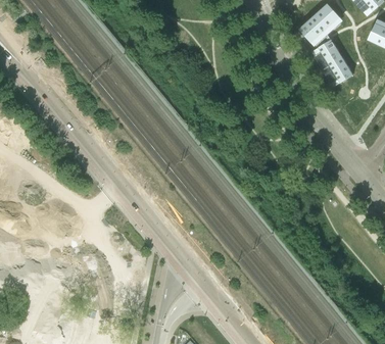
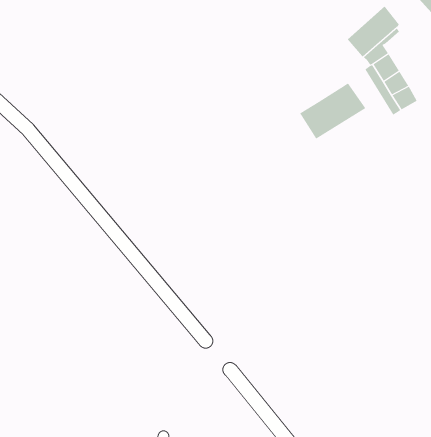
building: none -> [299,83,366,139]

